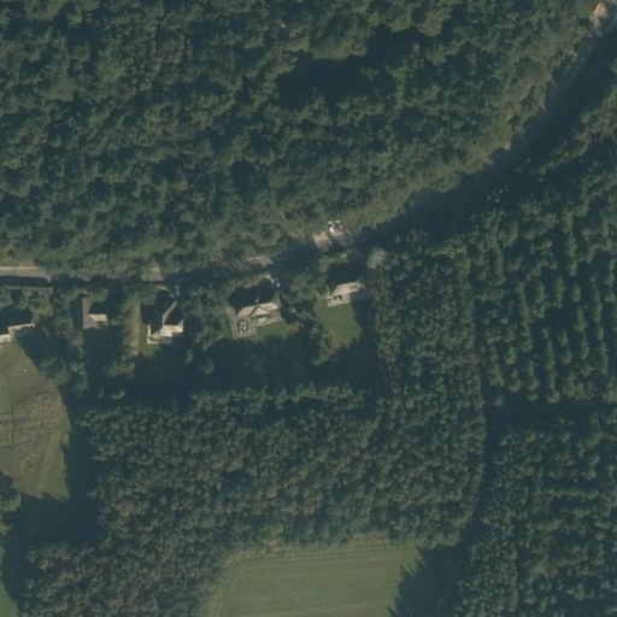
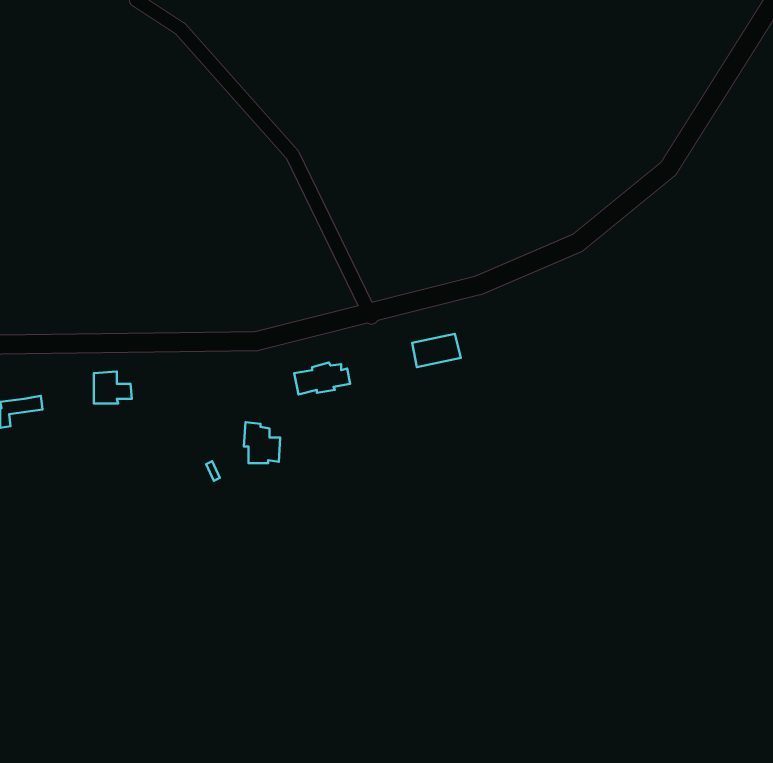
building: [154,310,183,342] -> [244,422,280,463]

